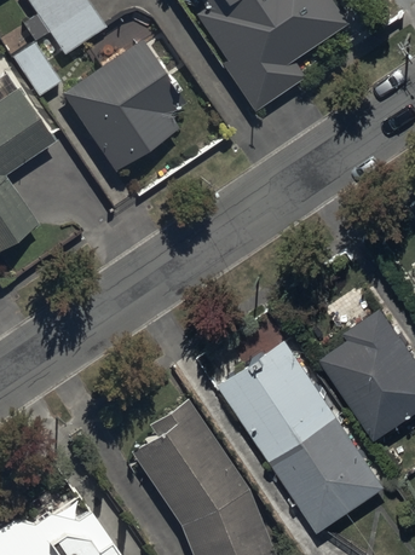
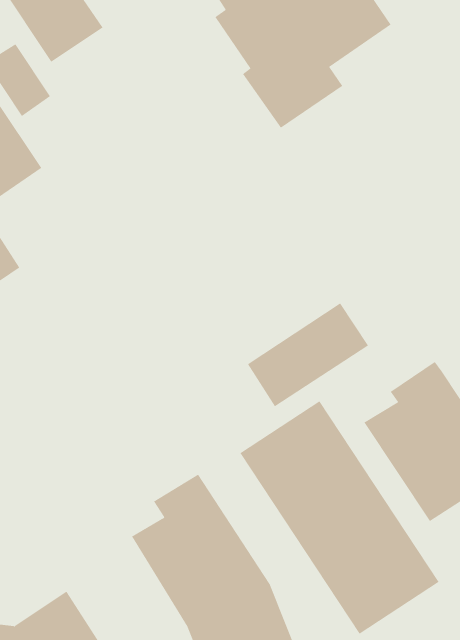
building: [60,42,194,174] -> none
building: none -> [247,302,369,407]

